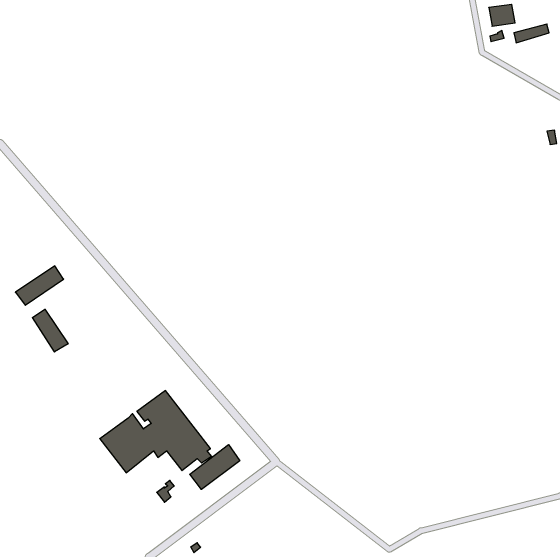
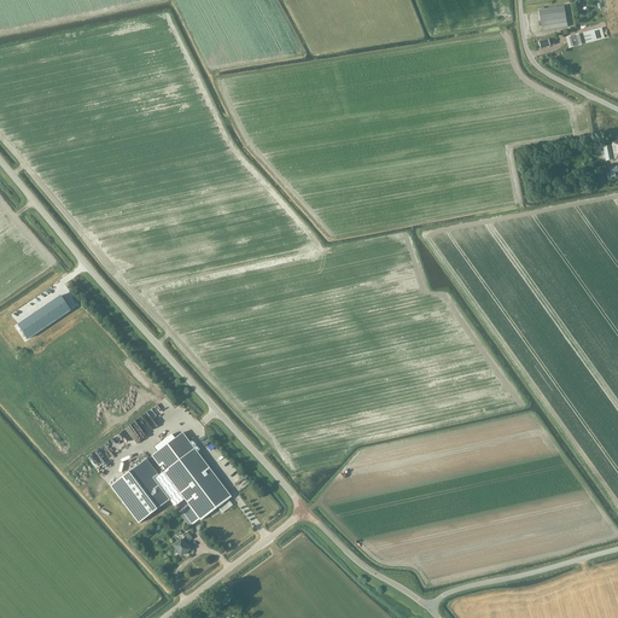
building: [32,309,68,352] -> none
building: [190,445,240,489] -> none

